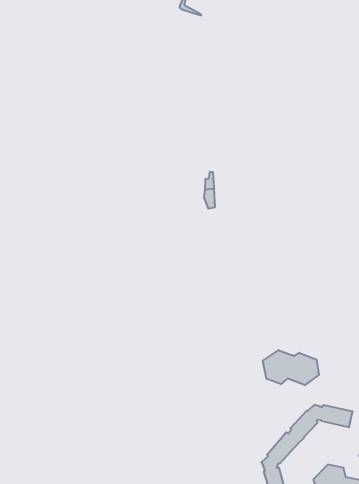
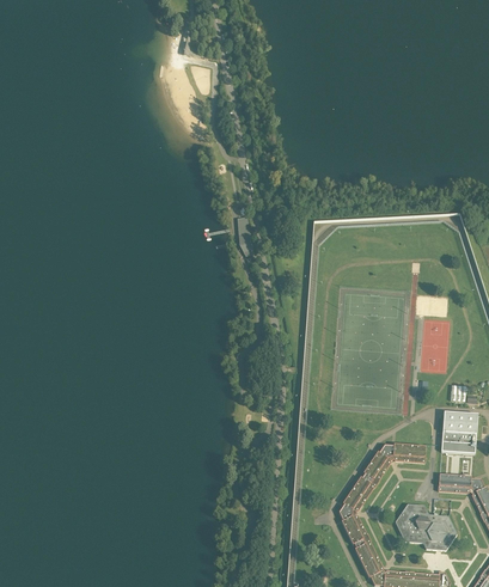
building: [263,350,319,385] -> none

